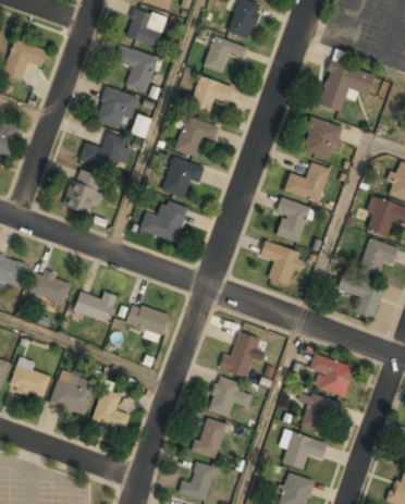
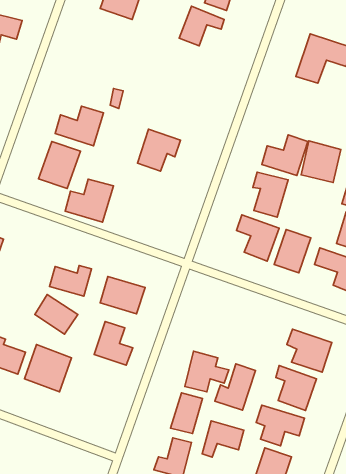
building: [115,46,157,94] -> none
building: [187,75,232,114] -> none
building: [95,88,138,130] -> none
building: [174,115,219,158] -> none
building: [303,118,342,159] -> [301,141,341,183]
building: [139,200,187,243] -> [65,179,113,222]
building: none -> [274,230,311,273]
building: [29,268,72,307] -> [35,295,78,334]
building: [219,333,259,379] -> [215,364,256,410]
building: [91,389,130,432] -> [94,321,133,365]
building: none -> [202,421,244,457]

